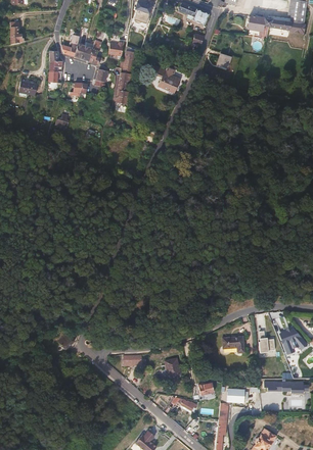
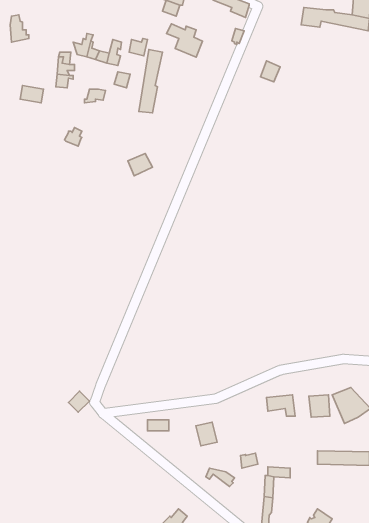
building: [150,64,180,92] -> [166,24,202,57]

